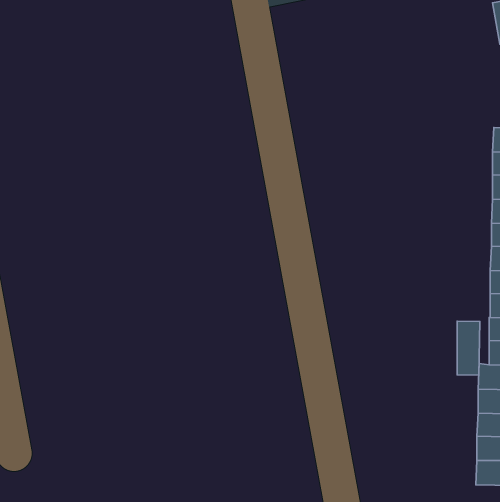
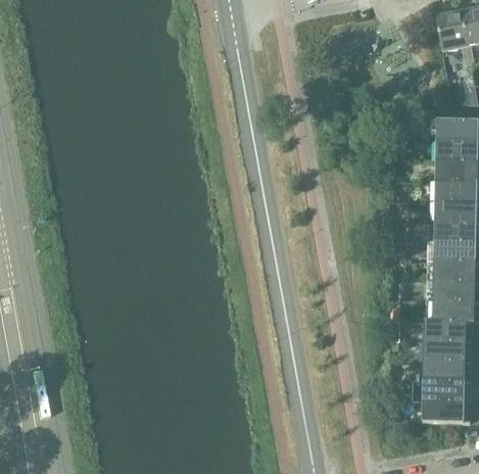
building: [457,321,480,375] -> none

